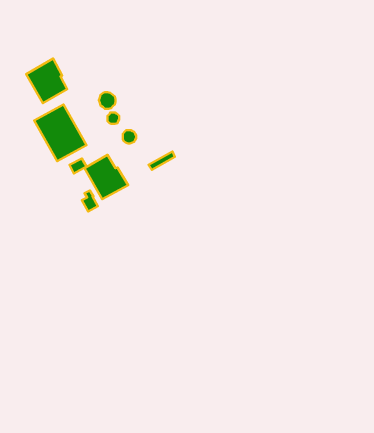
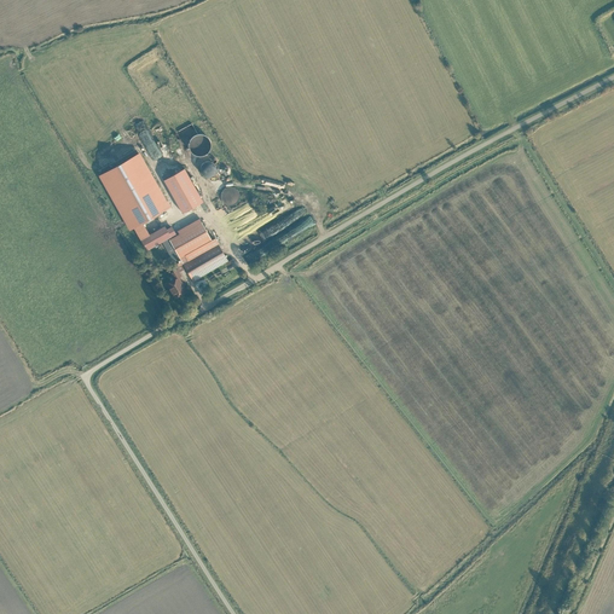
building: [26,58,67,103] -> none
building: none -> [162,168,202,214]

